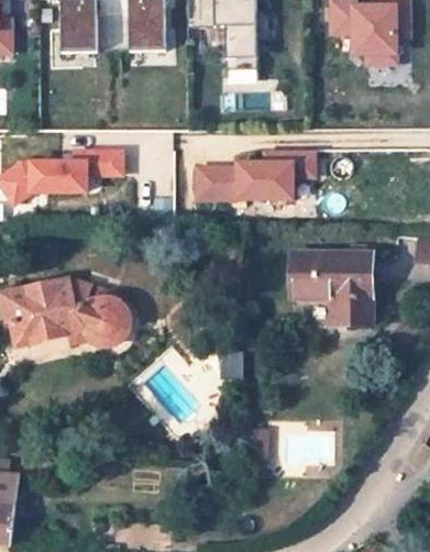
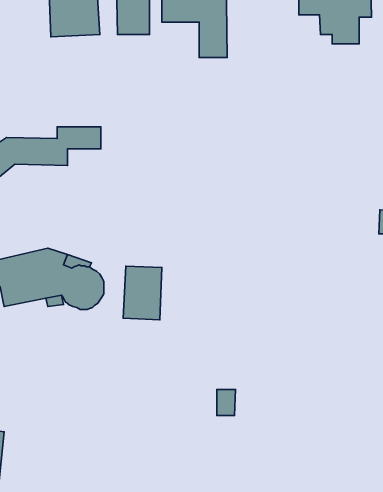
building: [195,148,320,202] -> none
building: [289,252,370,321] -> none
building: none -> [123,266,162,320]

